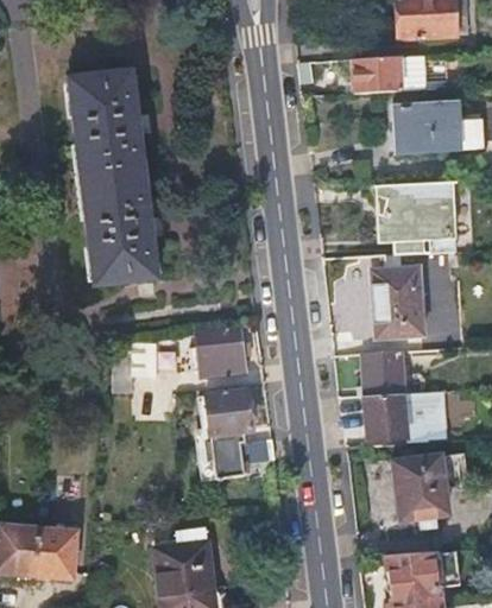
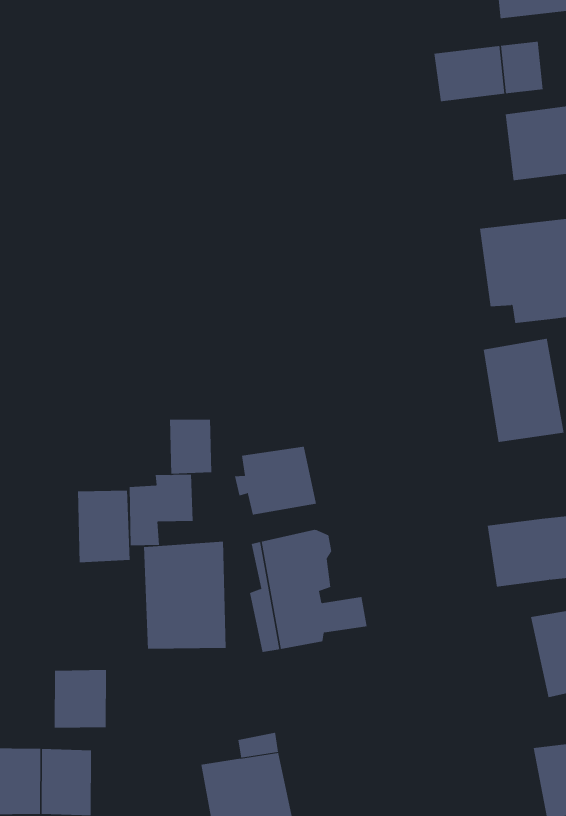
building: [69,70,157,287] -> none
building: none -> [170,419,212,475]
building: [364,350,410,395] -> none
building: none -> [78,490,130,563]
building: none -> [144,541,226,649]
building: none -> [54,669,106,729]

